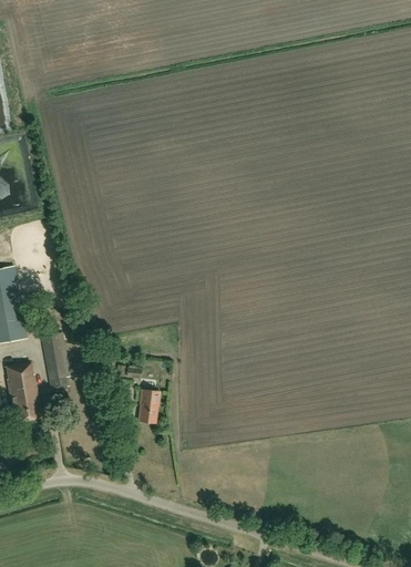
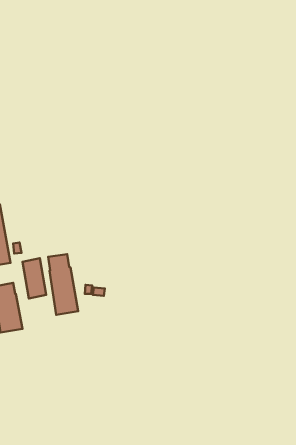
building: none -> [48,254,78,315]
building: [138,390,160,423] -> none

